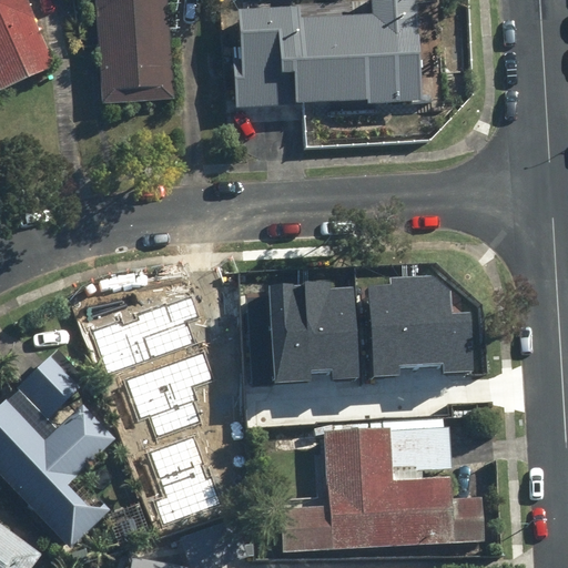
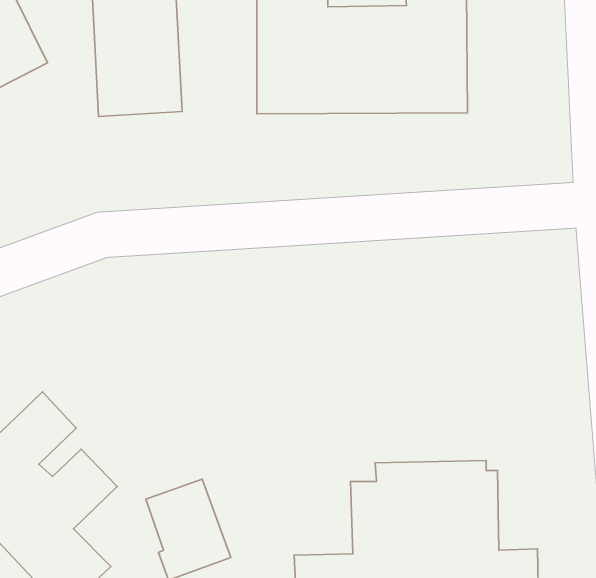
building: [358,275,467,375] -> none
building: [258,281,351,379] -> none
building: [90,293,199,369] -> none
building: [123,355,205,436] -> none

